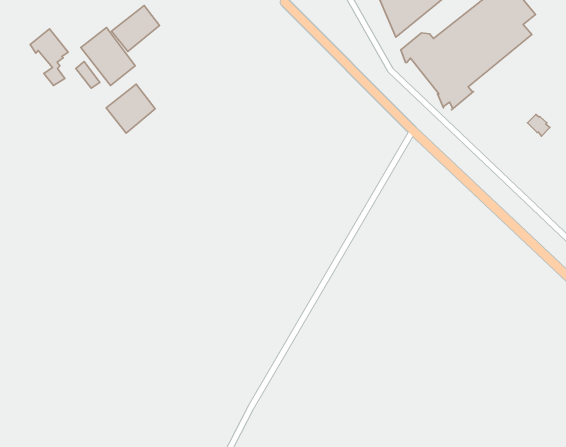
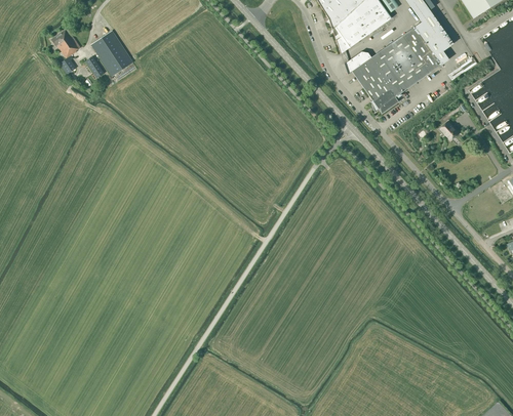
building: [112,5,159,51] -> none
building: [106,84,155,133] -> none

